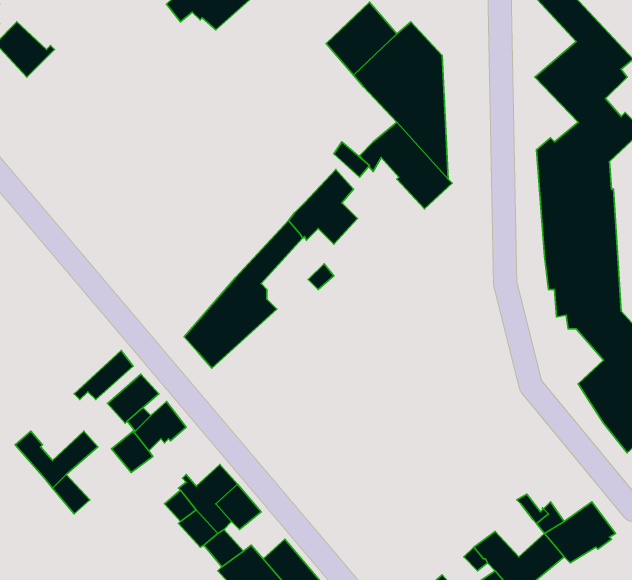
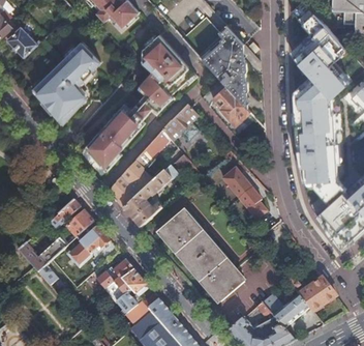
building: none -> [84,34,196,172]
building: none -> [33,41,99,122]
building: none -> [122,165,176,227]
building: none -> [221,168,265,218]
building: none -> [158,209,241,299]

